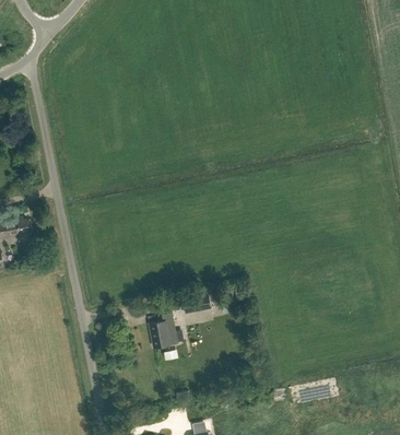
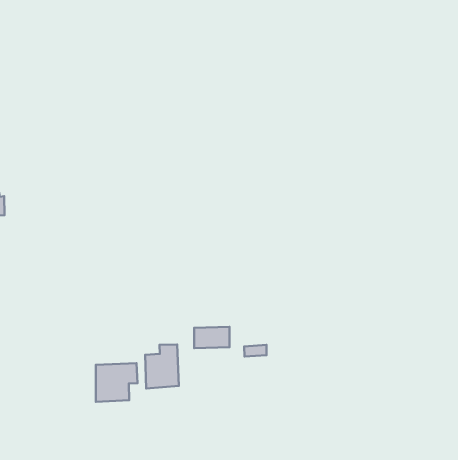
building: none -> [96,363,138,402]

